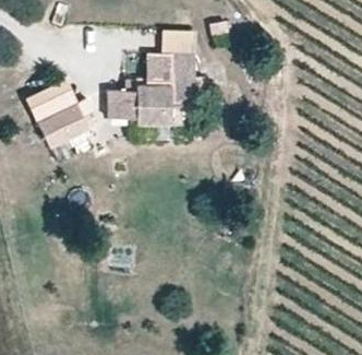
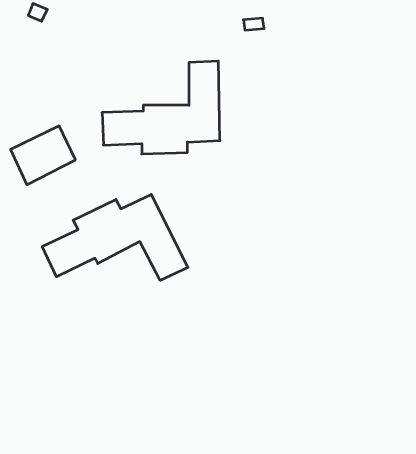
building: none -> [42,194,188,280]

